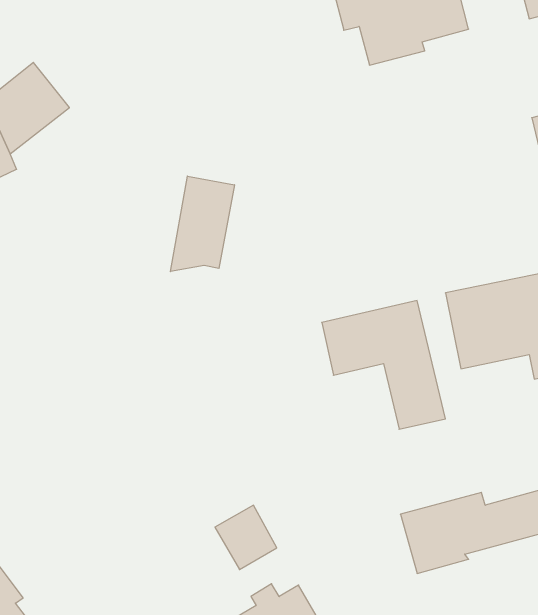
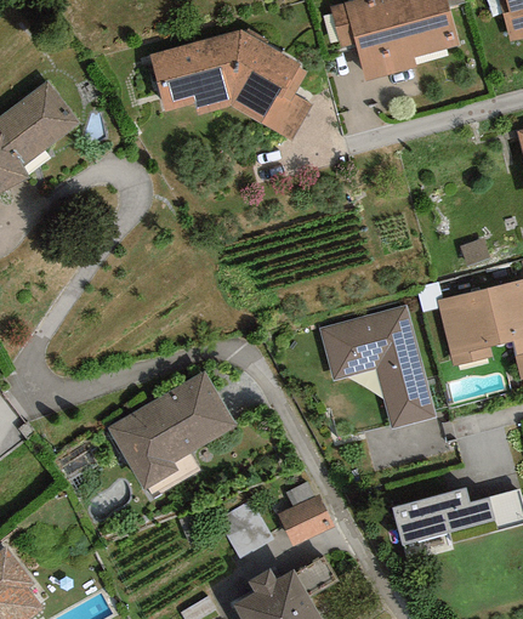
building: none -> [149,32,311,134]
building: [170,176,234,272] -> none
building: none -> [104,370,238,493]
building: none -> [279,495,335,545]

